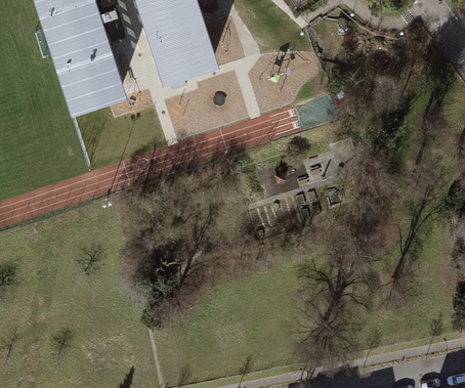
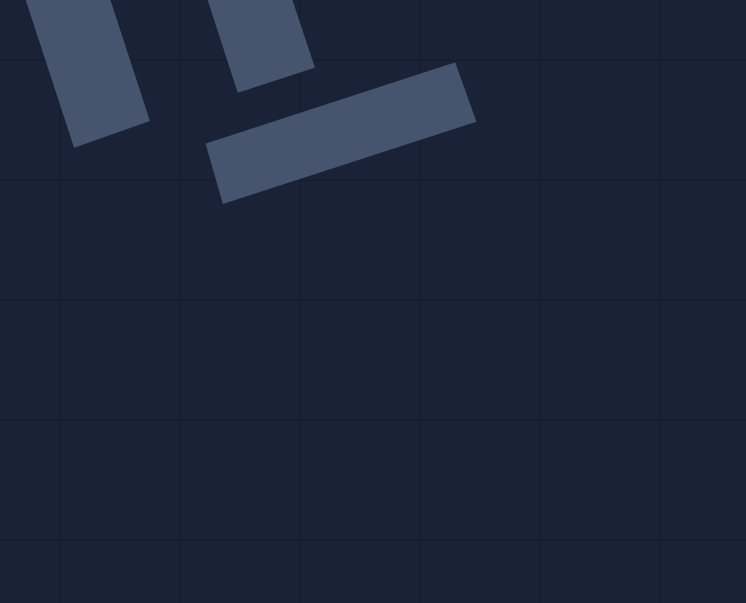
building: none -> [205,61,477,205]

